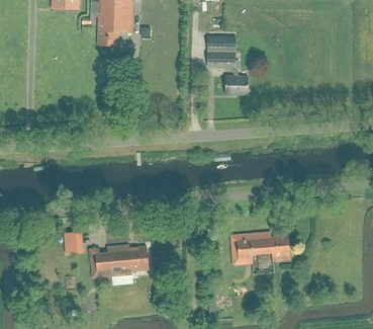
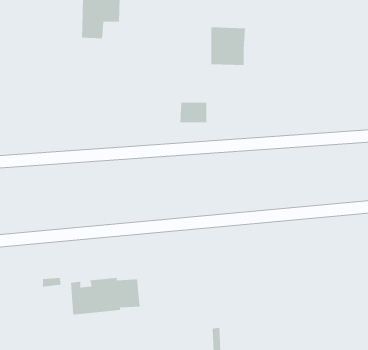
building: [224,78,248,95] -> [179,102,207,123]
building: [232,231,289,263] -> none

